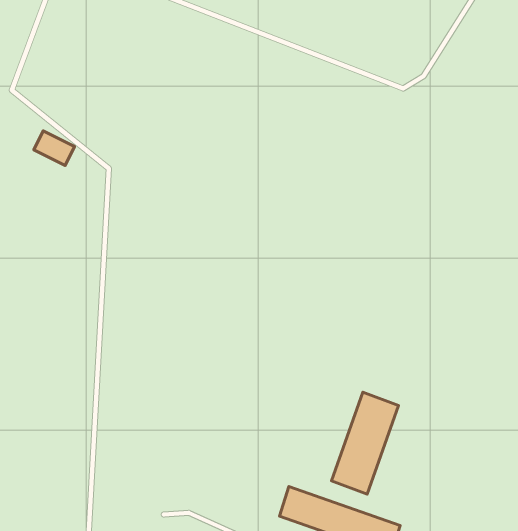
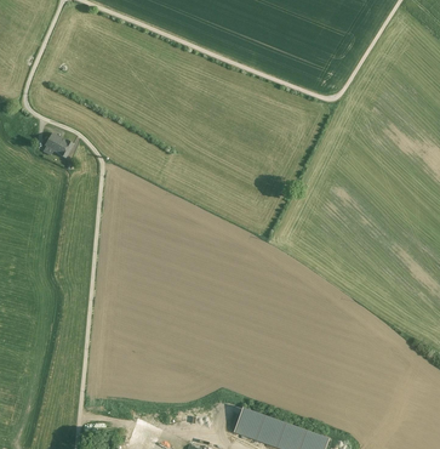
building: [332,392,398,494] -> none

